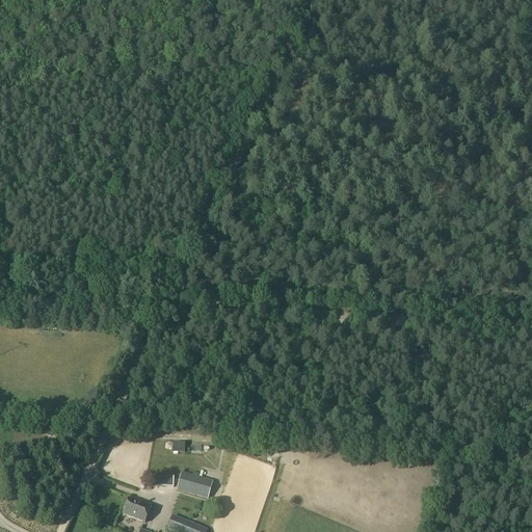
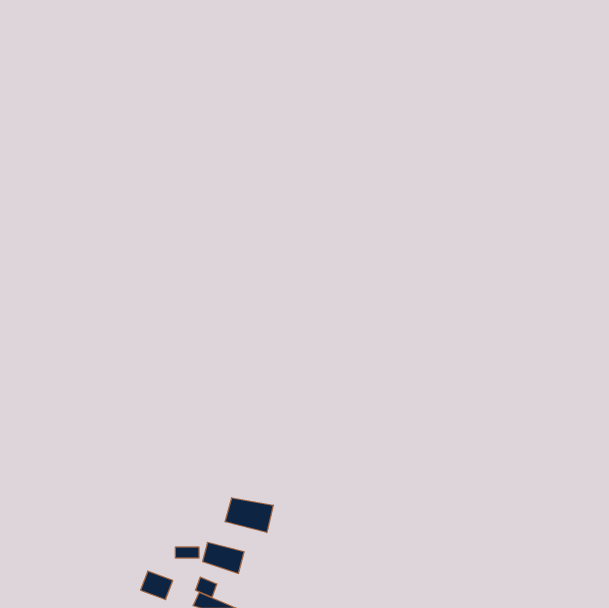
building: none -> [225,498,273,533]

